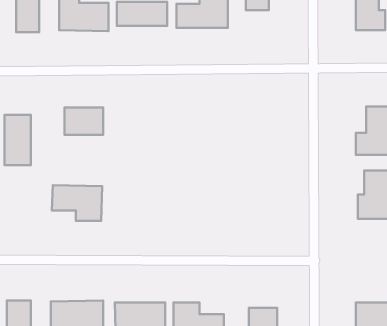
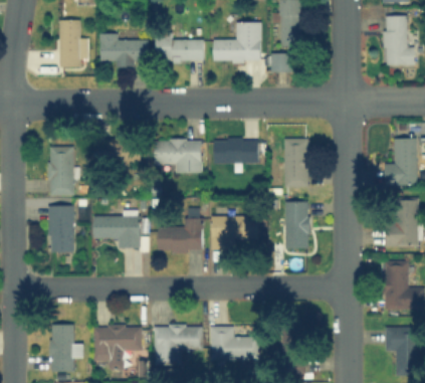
building: none -> [271,54,293,73]
building: none -> [213,139,257,164]
building: none -> [284,139,309,188]
building: none -> [156,140,202,173]
building: none -> [285,202,309,250]
building: none -> [48,206,74,254]
building: none -> [211,216,257,249]
building: none -> [158,218,202,250]
building: none -> [385,261,409,310]

